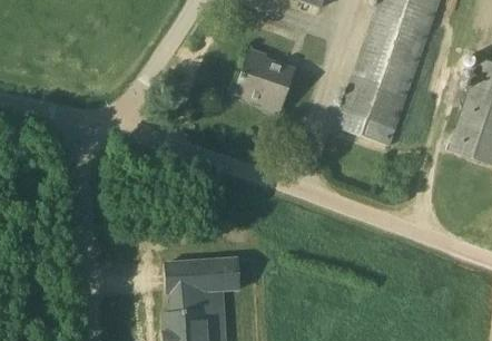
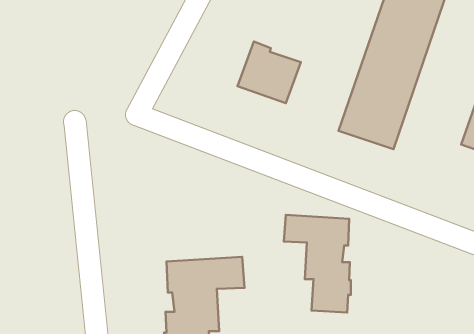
building: none -> [284,215,351,313]

